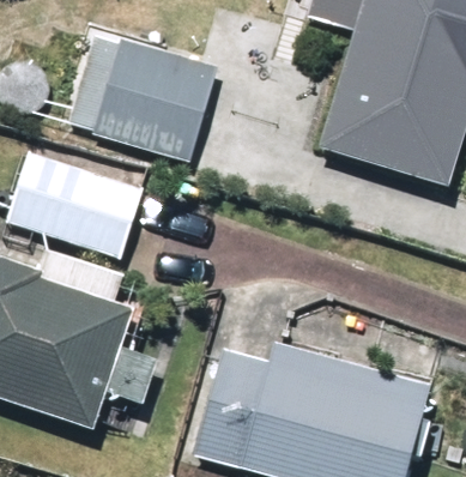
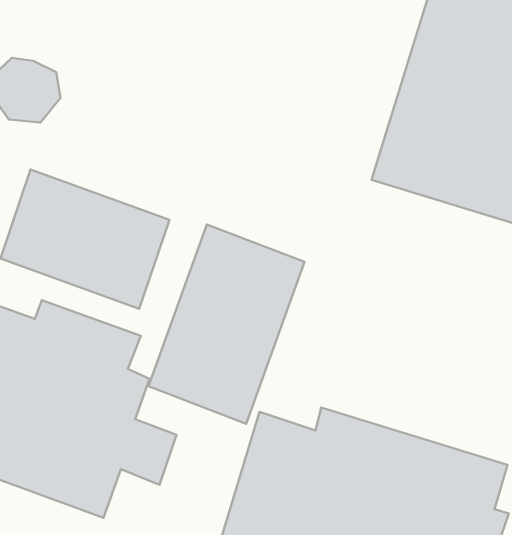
building: [68,35,216,159] -> none
building: none -> [149,224,305,424]

